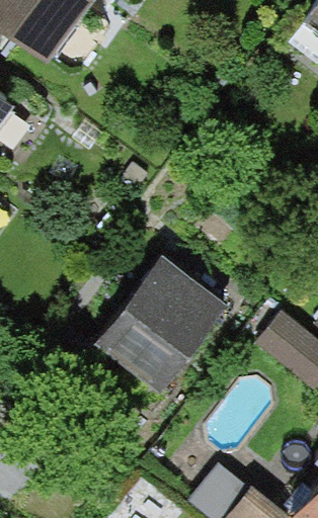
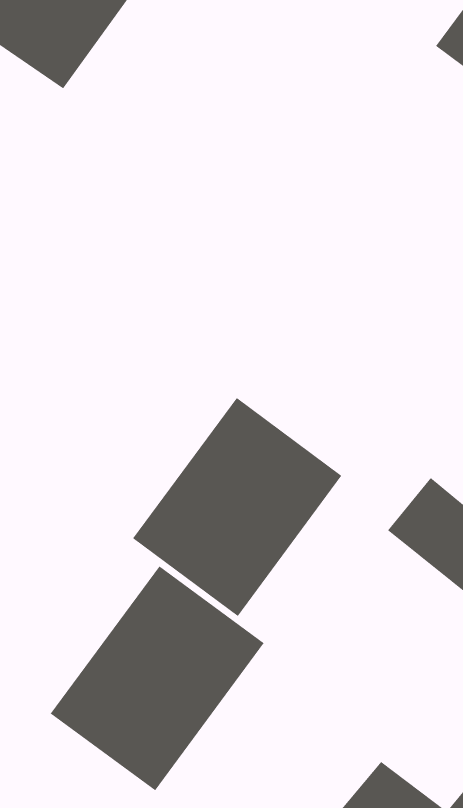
building: none -> [50,565,265,791]

